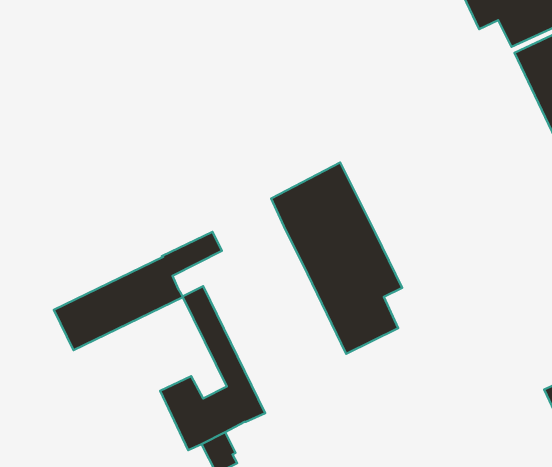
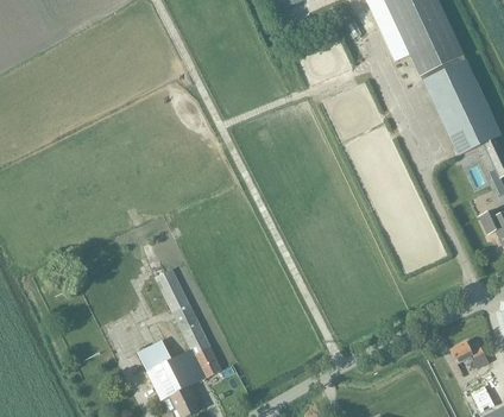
building: [271,162,402,354] -> none
building: [54,232,222,350] -> none

